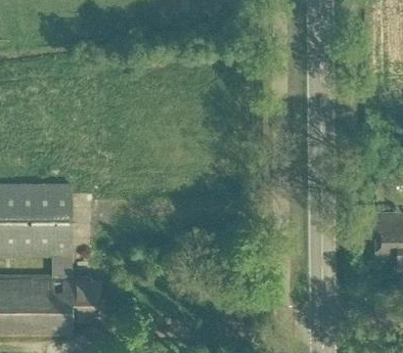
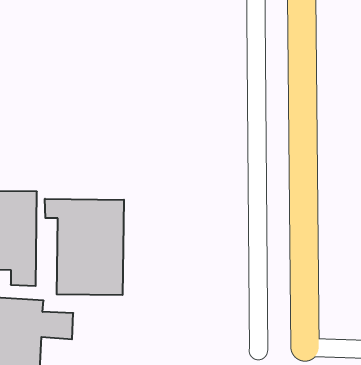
building: none -> [45,199,124,295]

